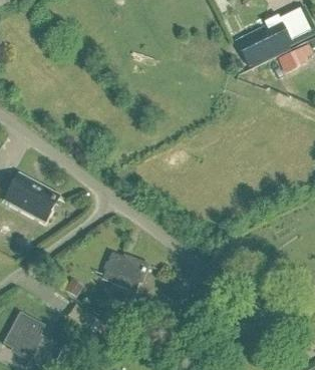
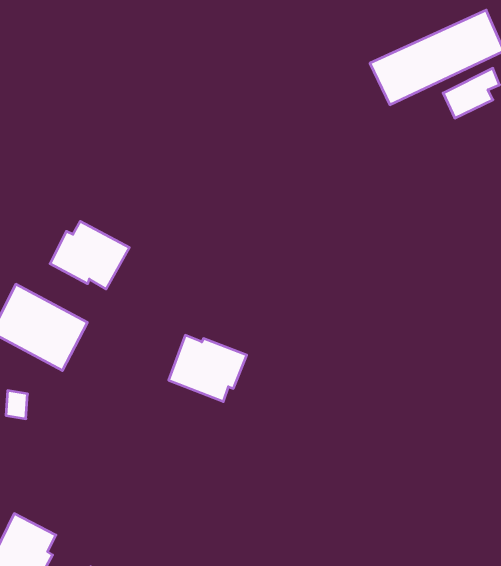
building: none -> [50,221,129,289]
building: [102,251,149,291] -> [169,335,247,402]

